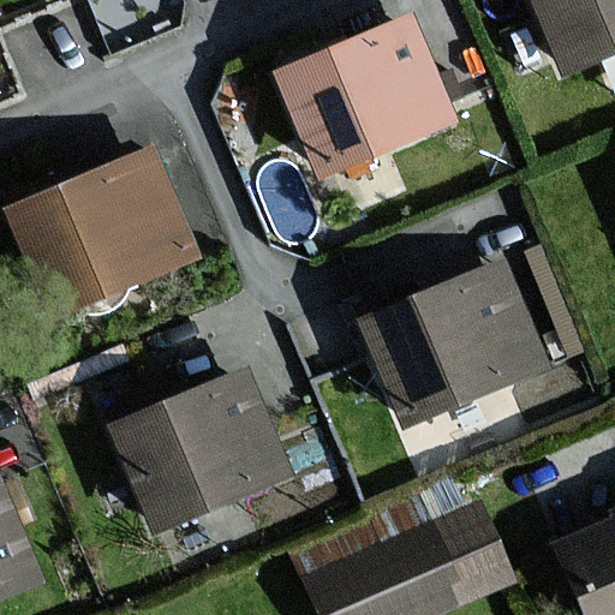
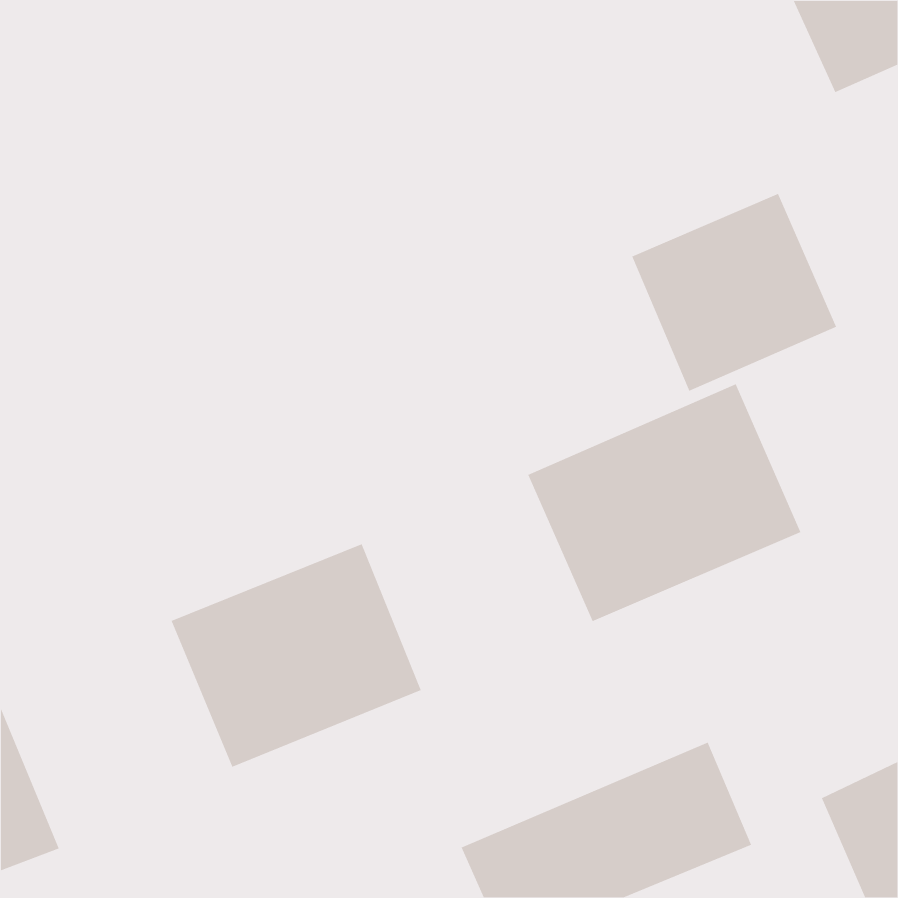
building: [288,22,453,171] -> none
building: none -> [631,193,837,392]
building: [13,151,195,311] -> none

